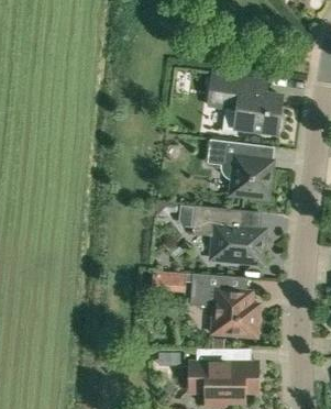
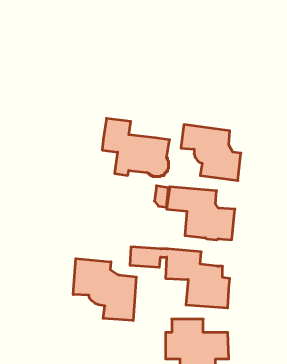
building: [209,73,282,135] -> [102,118,170,176]
building: none -> [73,259,136,321]

